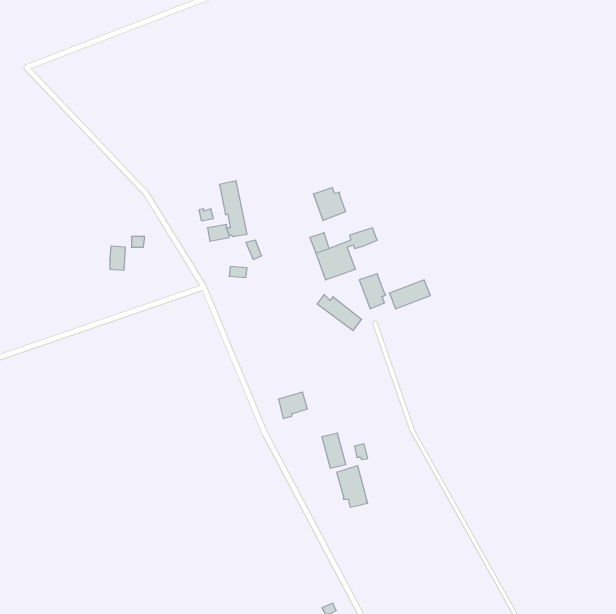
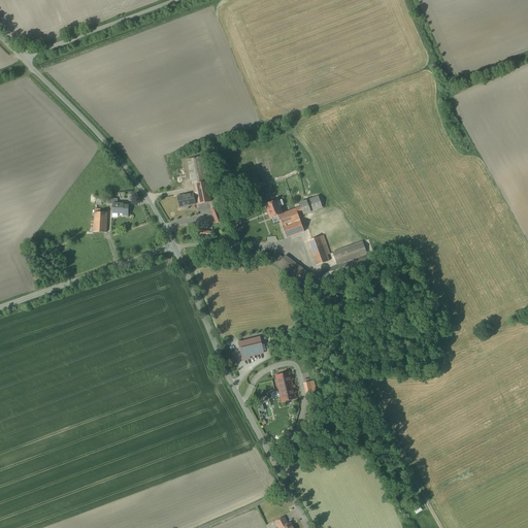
building: [313,187,346,221] -> none
building: [337,466,368,507] -> none

